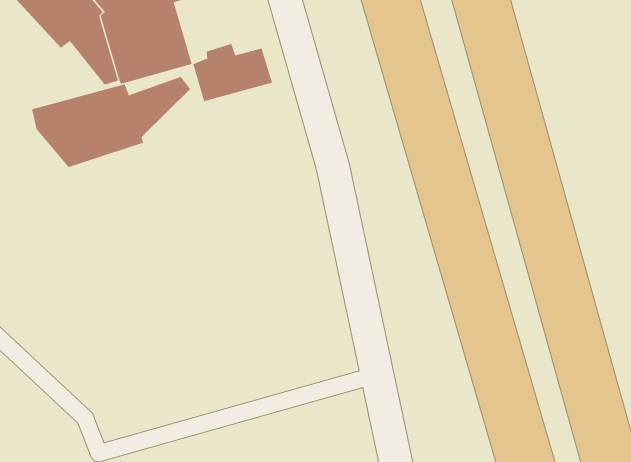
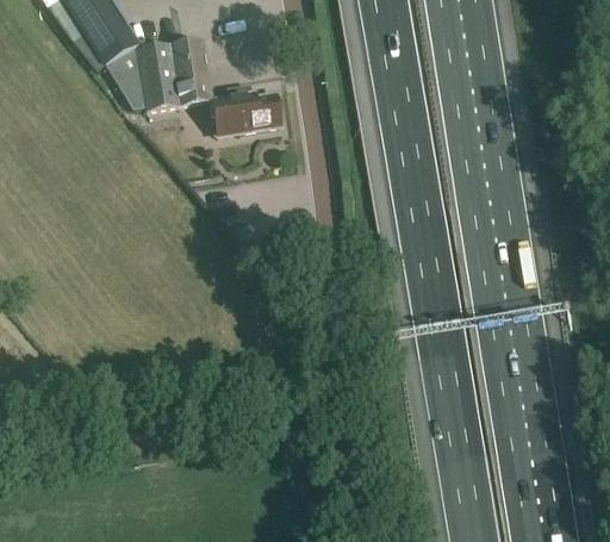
building: [31,76,191,168] -> none

